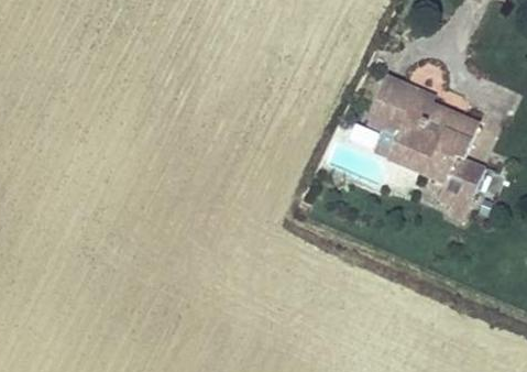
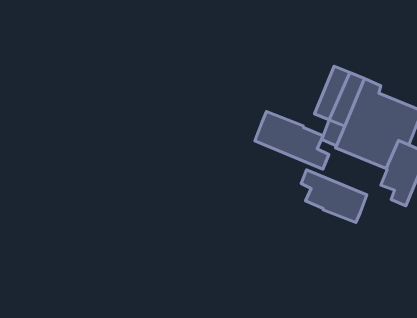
building: none -> [255,111,329,169]
building: none -> [301,170,367,223]

